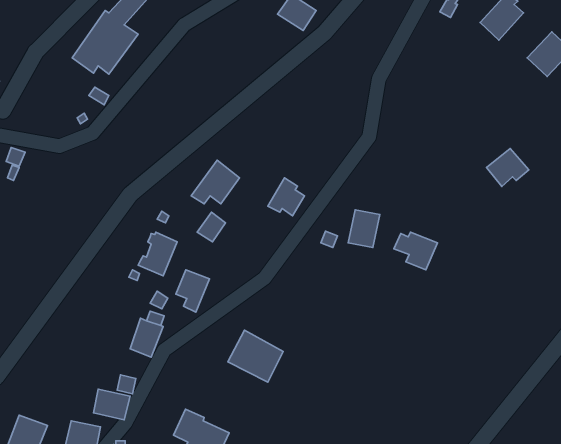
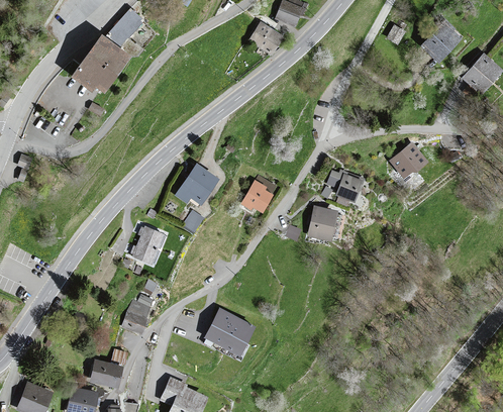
building: [487,149,529,186] -> [391,143,427,176]
building: [394,232,438,270] -> [326,170,364,202]
building: [176,270,210,312] -> none

